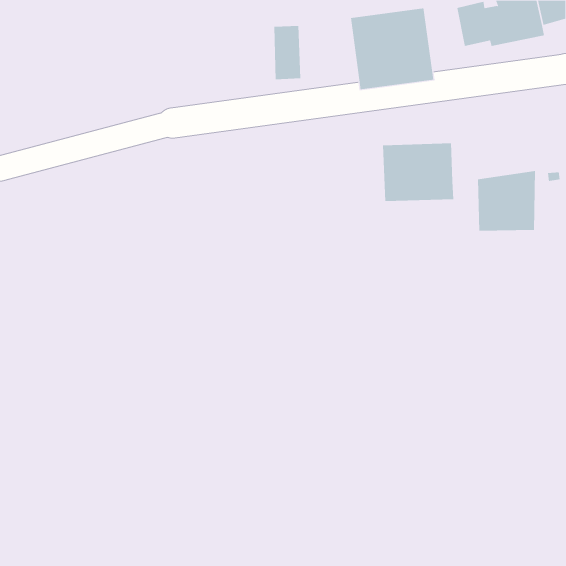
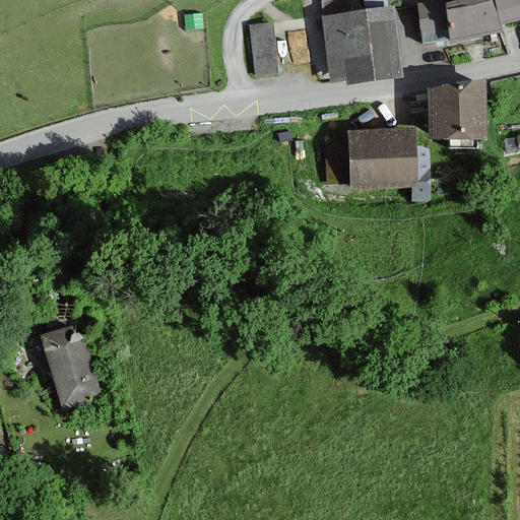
building: [477,170,536,231] -> [432,81,485,137]
building: none -> [43,326,100,407]

